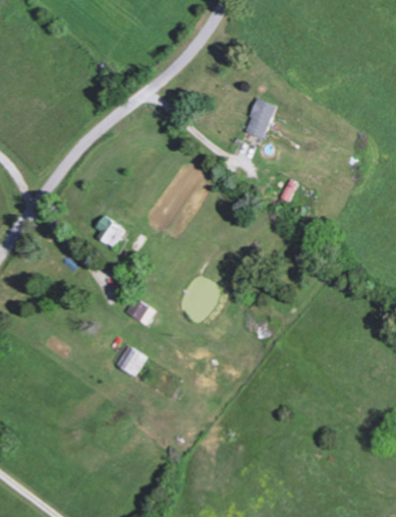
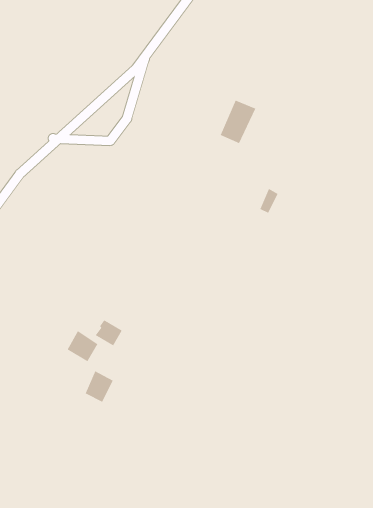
building: [94,215,124,247] -> none
building: none -> [67,330,98,362]

